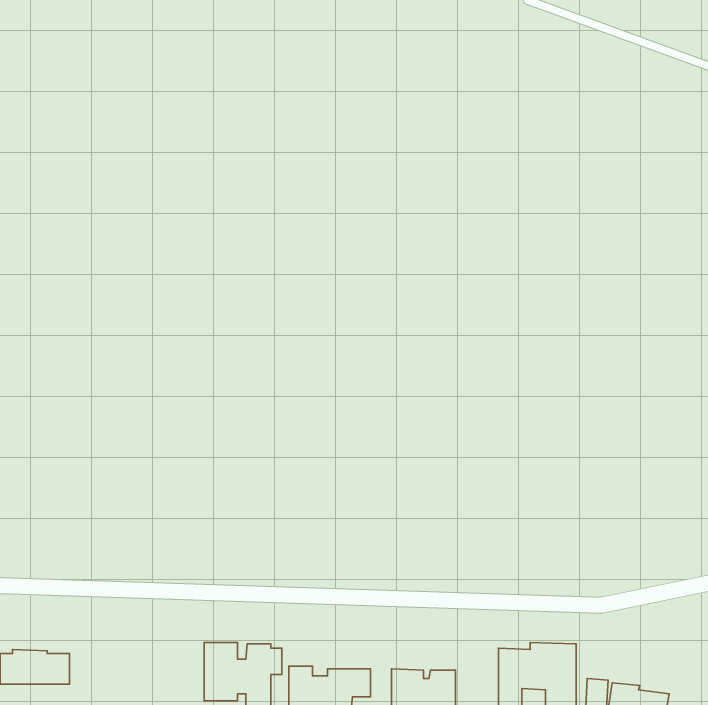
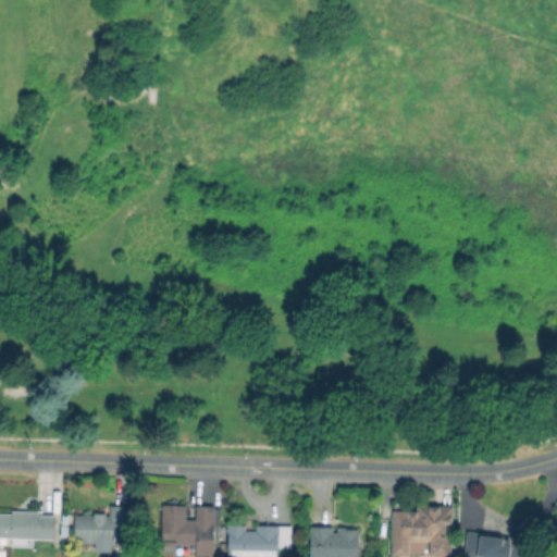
building: none -> [74,508,124,546]

